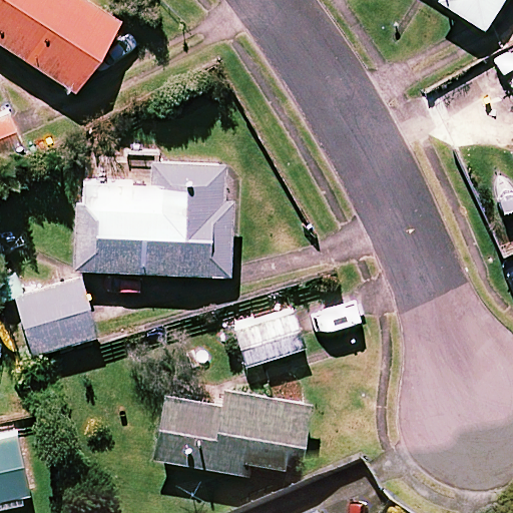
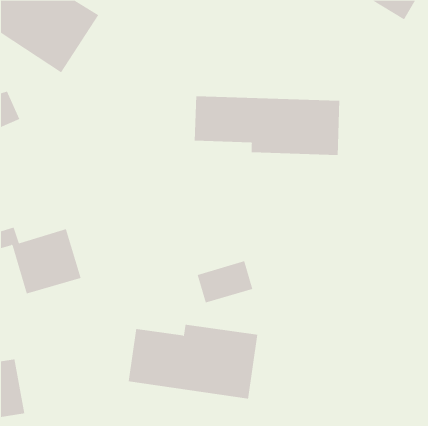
building: none -> [194,96,340,156]
building: [75,161,229,275] -> none

